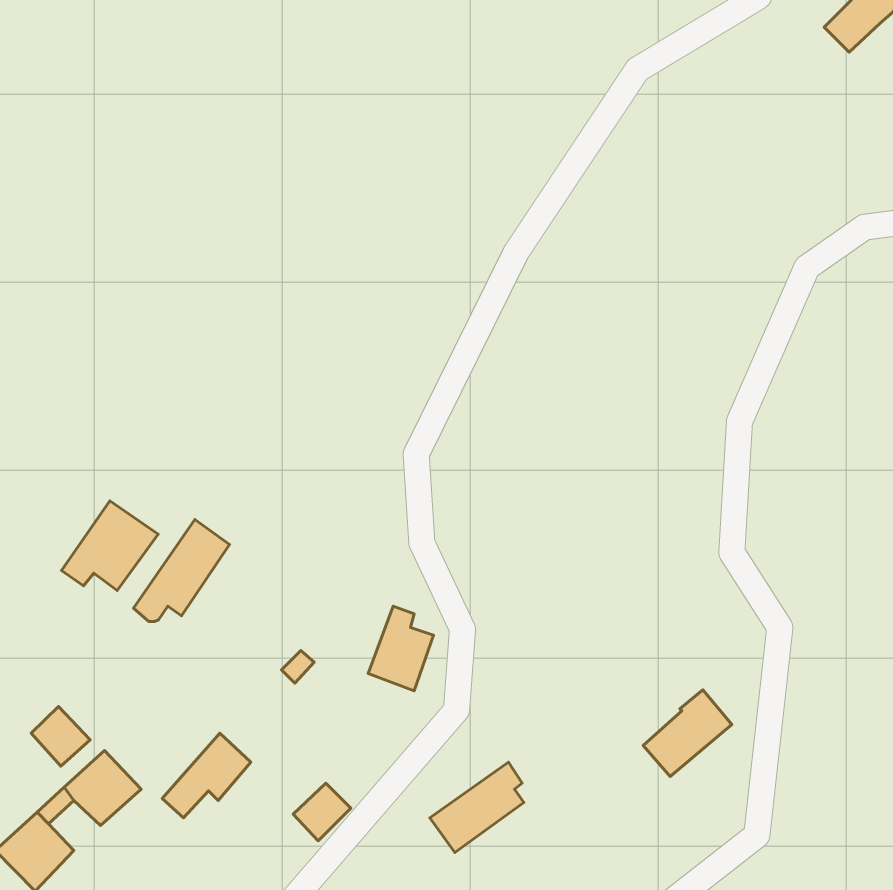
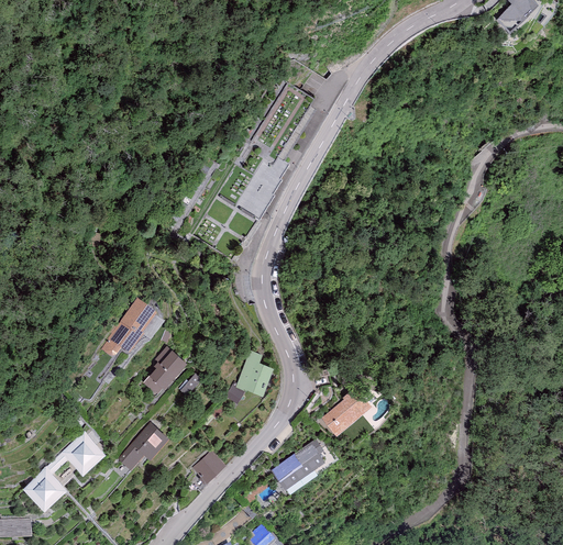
building: [62,501,158,590] -> none
building: none -> [143,347,187,394]
building: [643,690,732,776] -> [321,387,372,436]
building: [31,706,90,766] -> none

